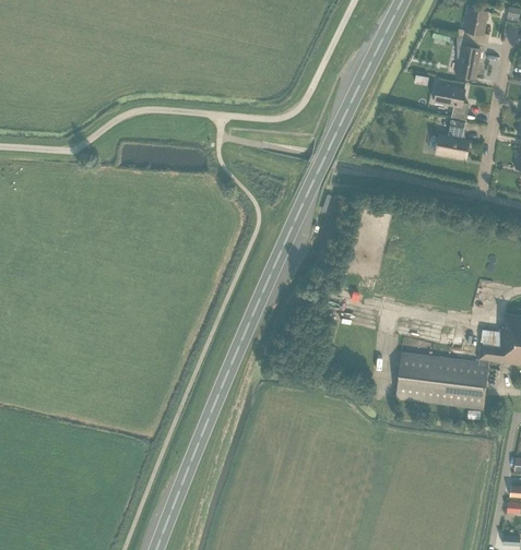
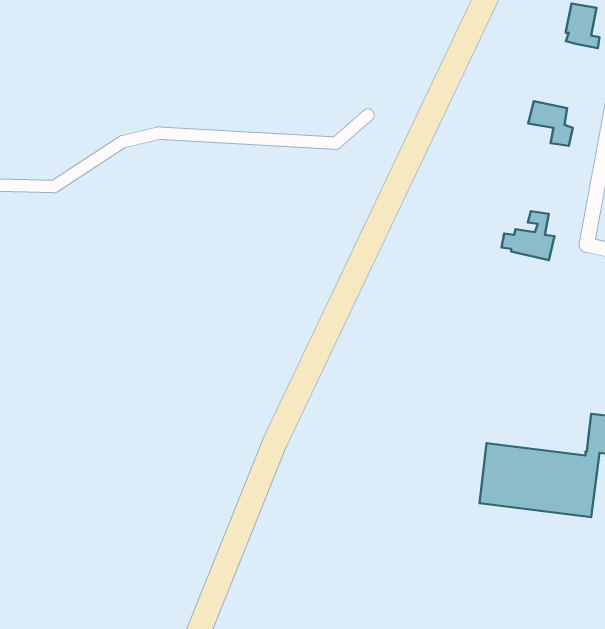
building: [455,35,489,76] -> none
building: [429,119,471,157] -> [501,211,554,260]

